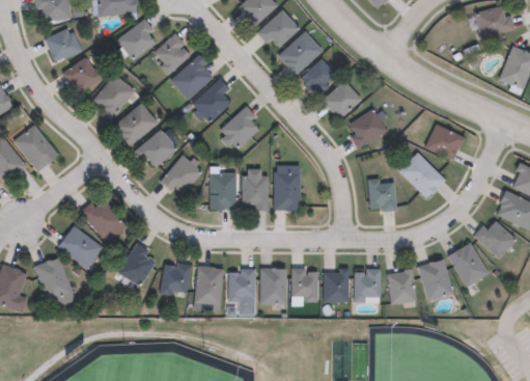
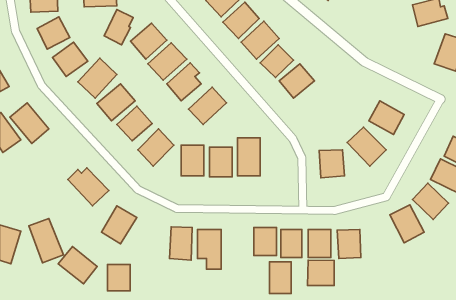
building: [346,108,387,147] -> none
building: [57,225,102,268] -> [58,247,97,284]
building: [418,258,452,301] -> none
building: [163,264,189,294] -> [108,265,130,291]
building: [261,268,286,304] -> [270,262,291,293]
building: none -> [308,260,334,286]

